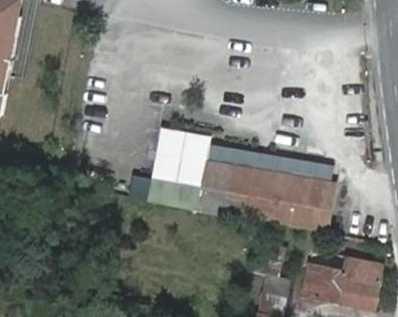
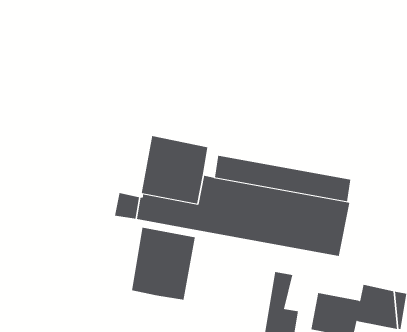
building: none -> [131,227,196,301]

